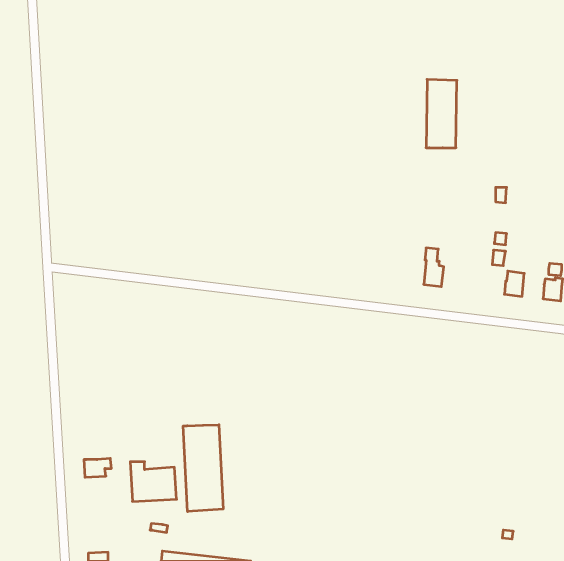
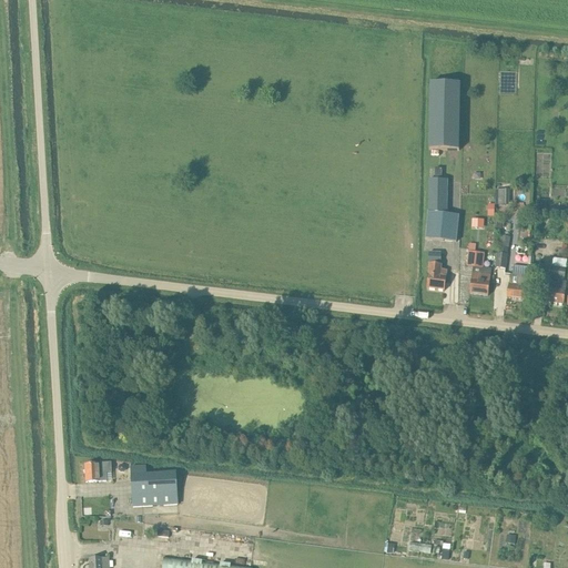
building: none -> [425,166,458,240]
building: none -> [465,242,490,294]
building: [183,425,223,512] -> none

